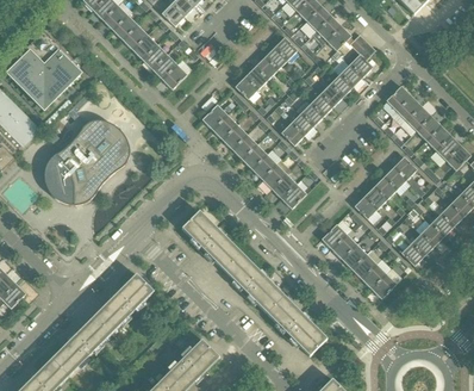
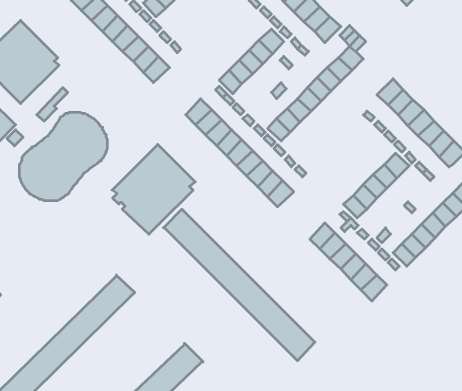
building: none -> [112,144,195,234]

